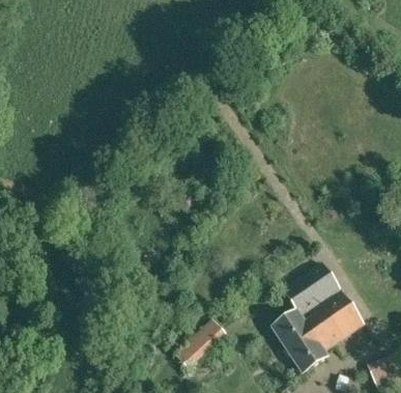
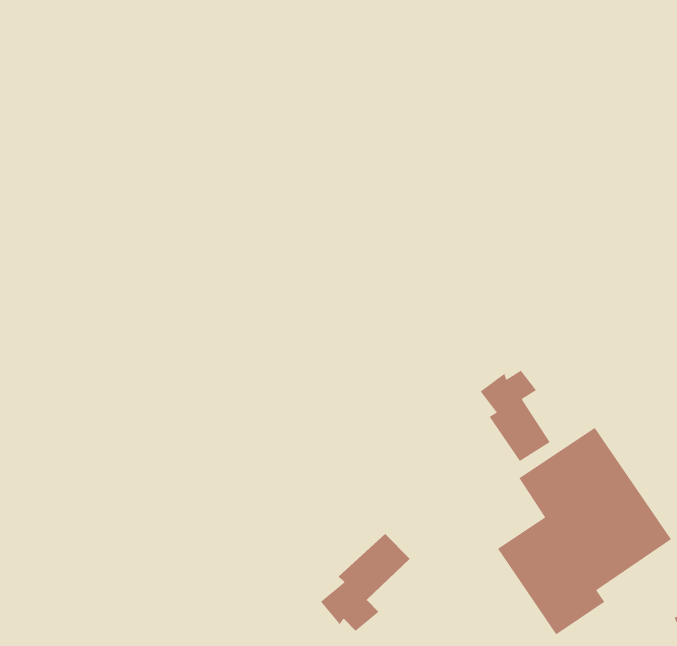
building: none -> [480,370,550,462]

